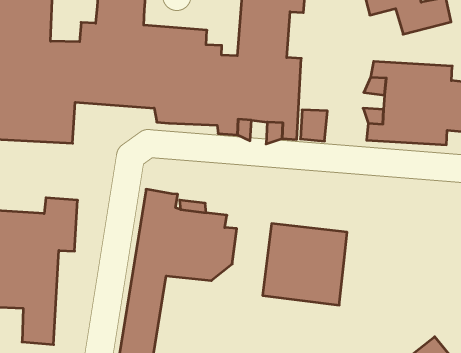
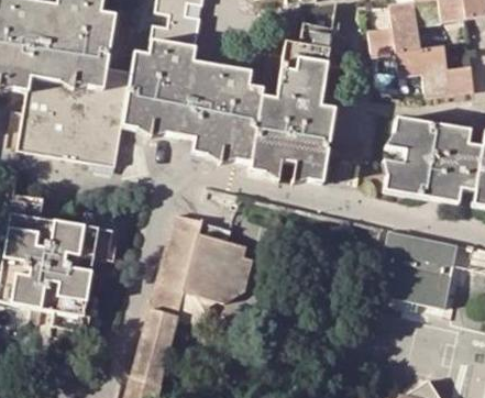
building: [263,224,347,305] -> [375,224,459,306]

